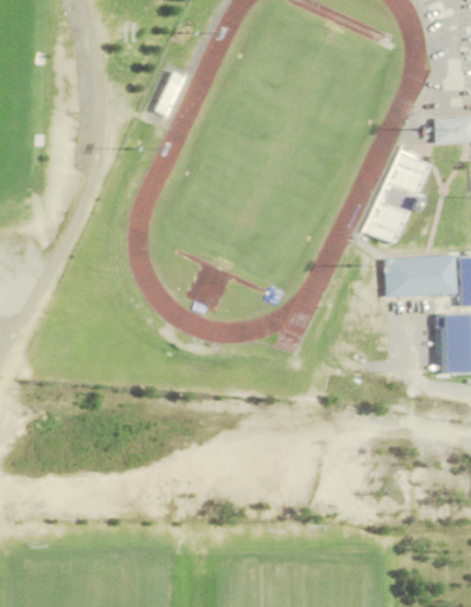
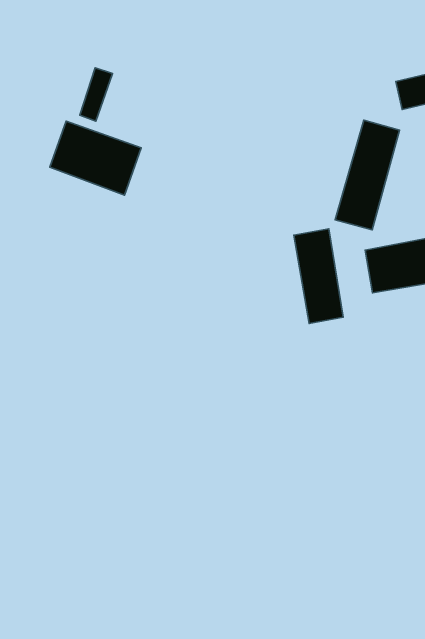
building: none -> [50,121,141,195]
building: none -> [294,229,343,323]

